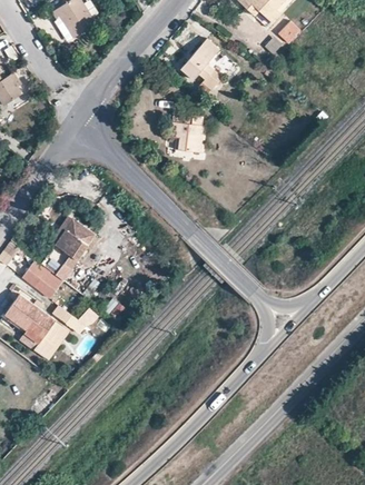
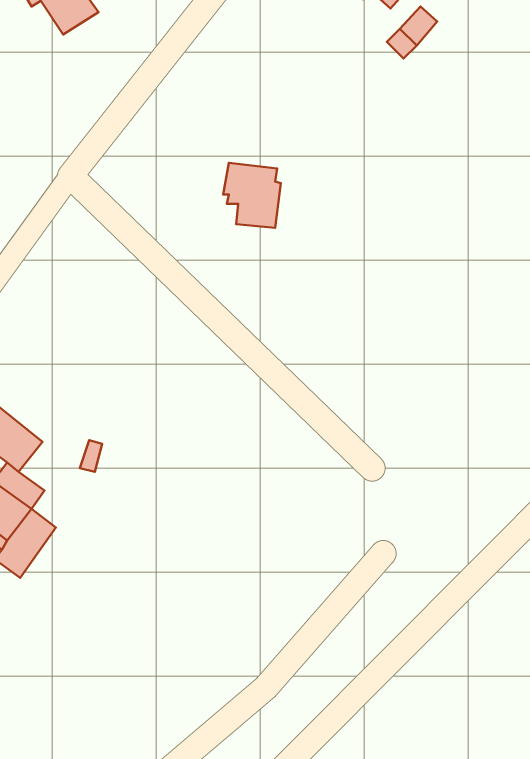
building: [180,40,221,90] -> none
building: [52,220,92,271] -> none

